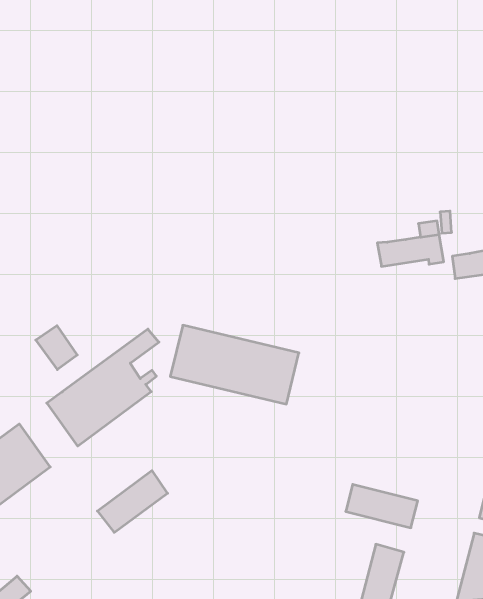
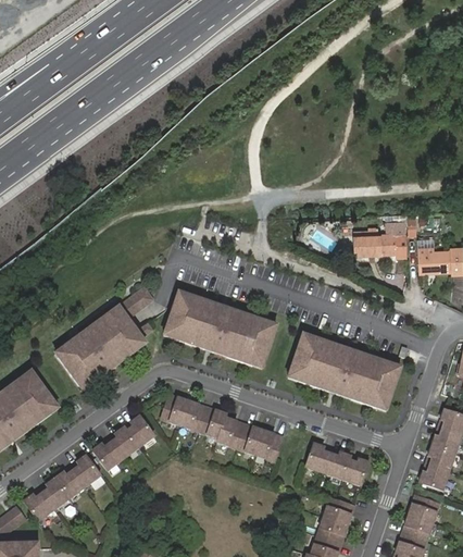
building: [36,326,77,370] -> none
building: none -> [290,334,402,409]
building: none -> [162,396,285,462]
building: none -> [20,454,98,515]

